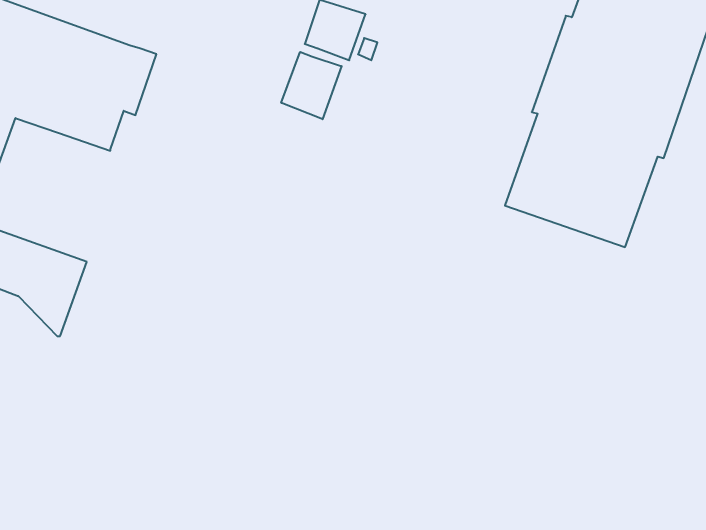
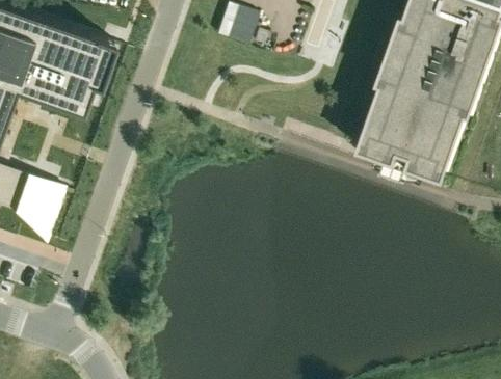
building: [281,52,342,119] -> none

